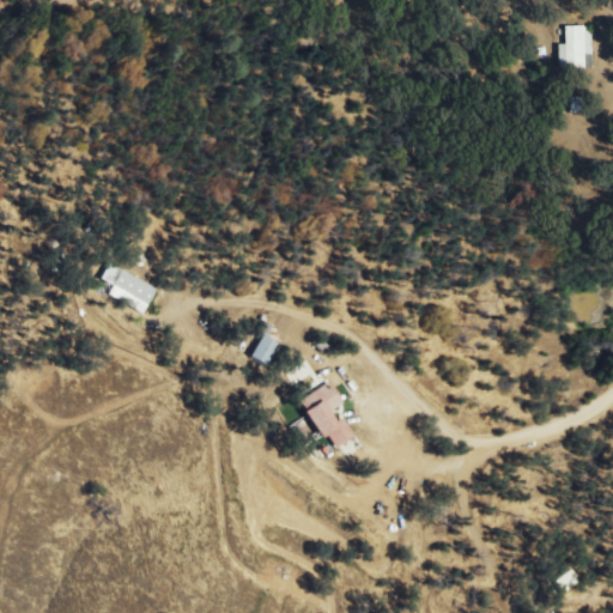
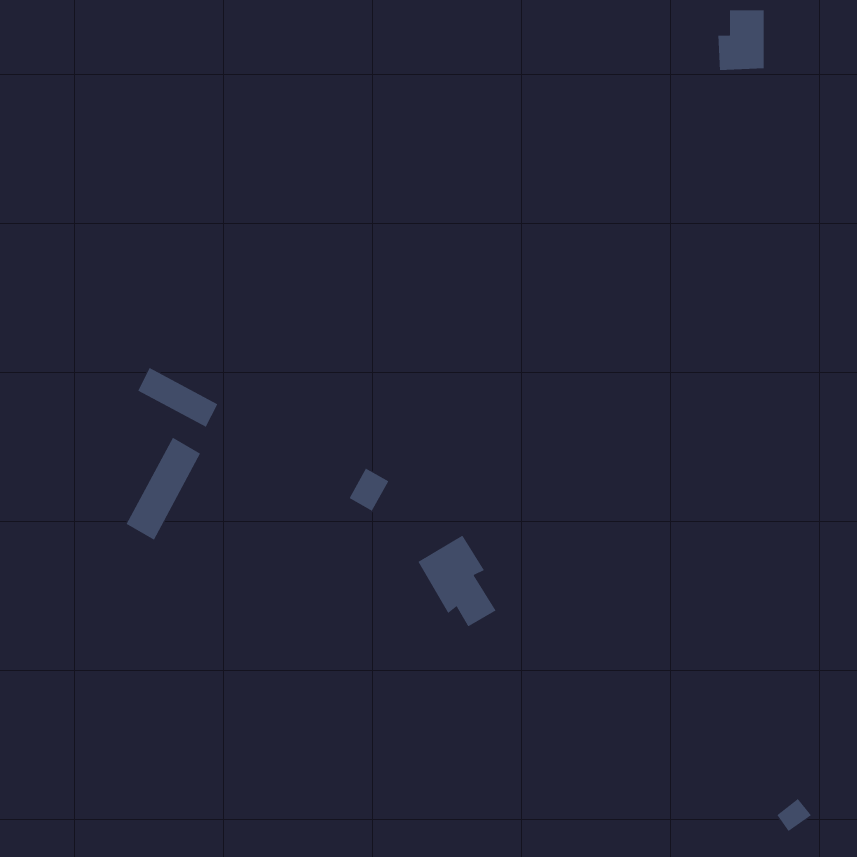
building: [559,26,593,69] -> [717,10,764,70]
building: none -> [126,437,201,540]

